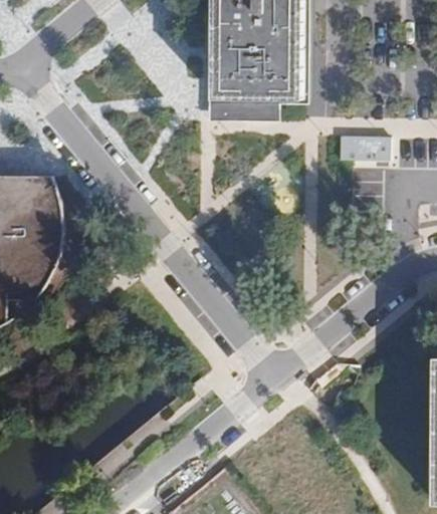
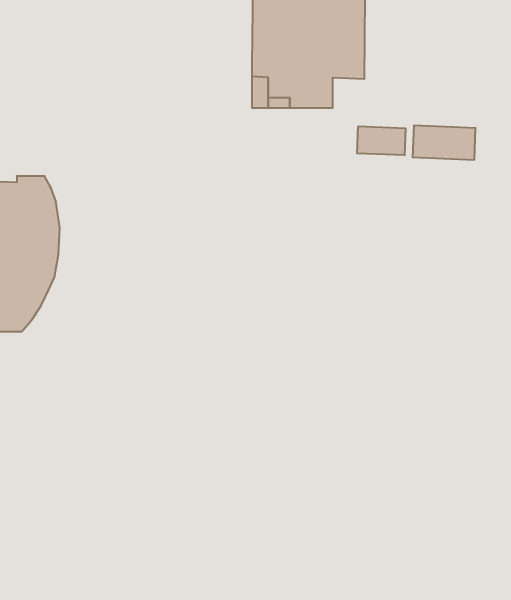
building: none -> [357,126,406,155]

